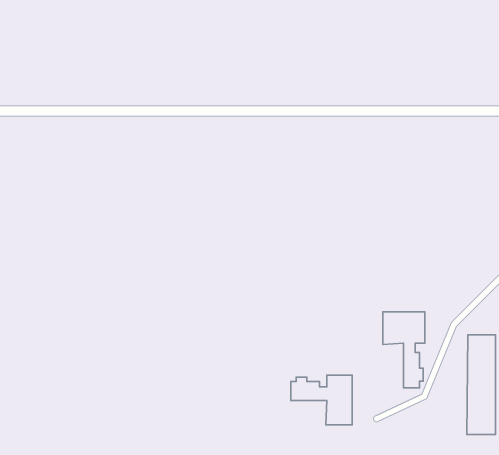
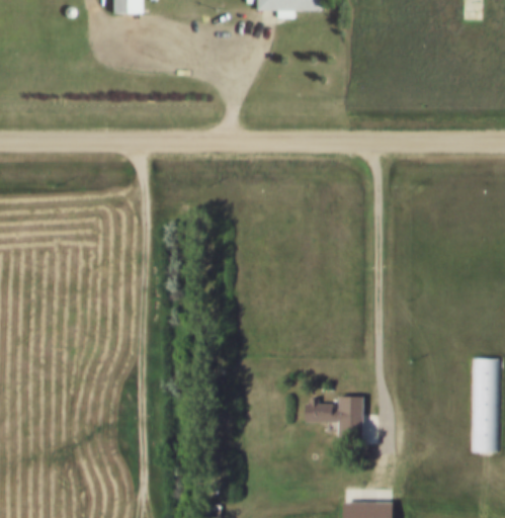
building: [383,312,425,388] -> none

